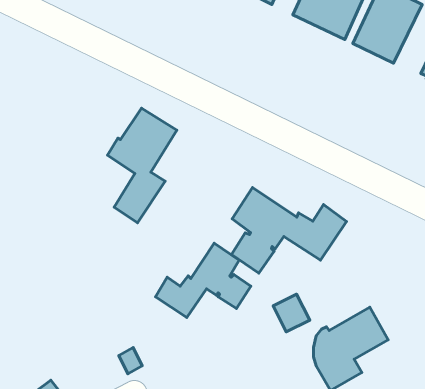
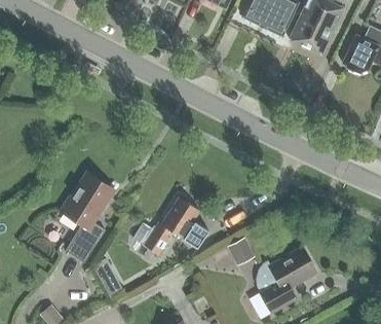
building: [108,108,177,223] -> [60,172,114,262]
building: [231,187,347,273] -> none

